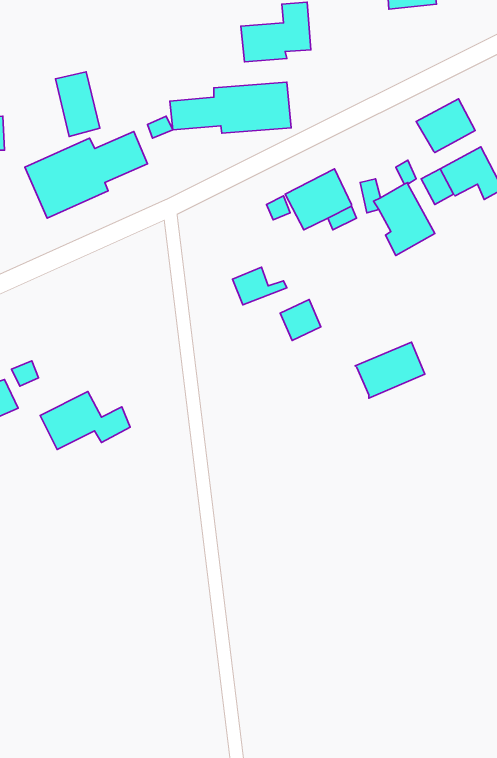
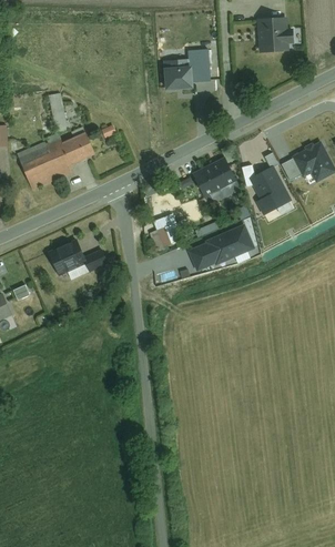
building: [170,82,291,133] -> none
building: [416,99,475,153] -> none
building: [355,342,425,398] -> [204,225,250,262]
building: [40,392,130,449] -> [48,239,106,276]

